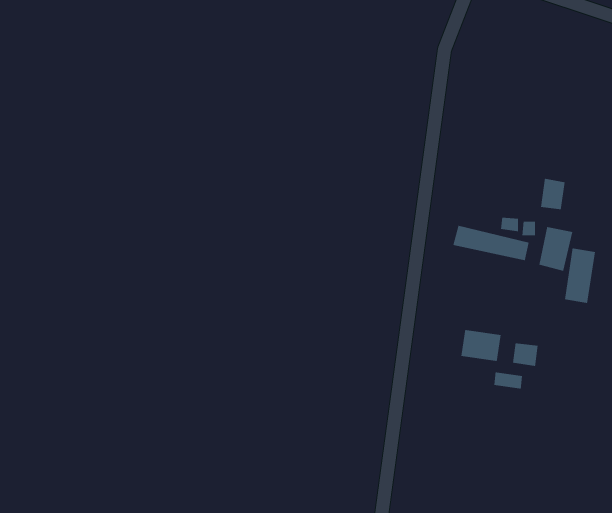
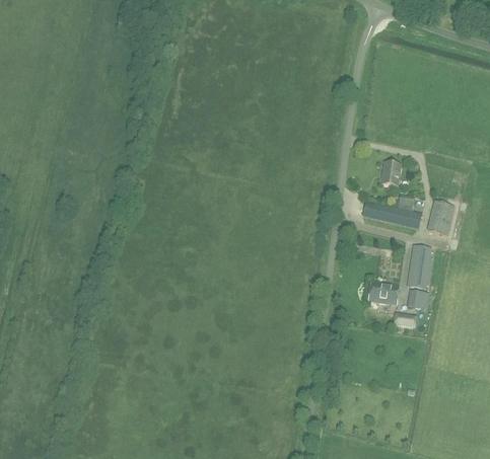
building: [540,178,565,210] -> [381,161,401,185]
building: [564,248,596,303] -> [407,245,431,288]

